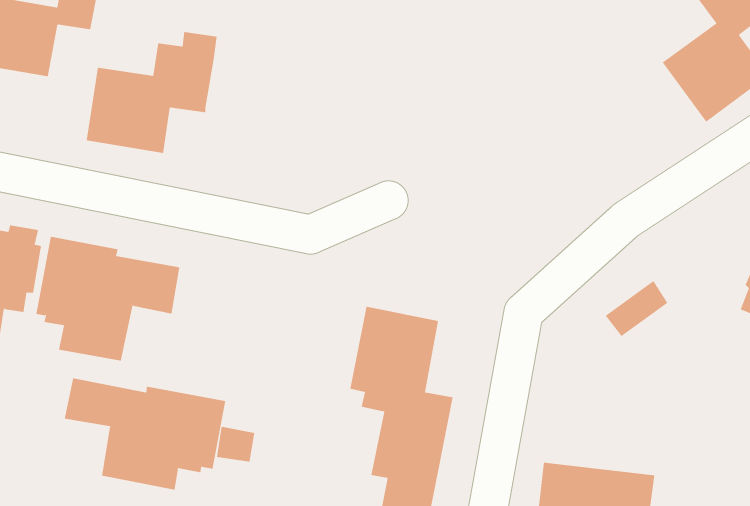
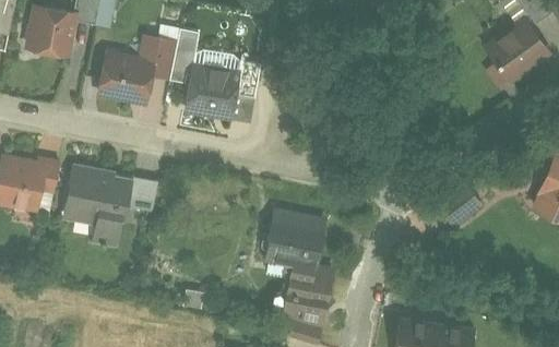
building: none -> [174,43,263,123]
building: [64,378,226,490] -> none

